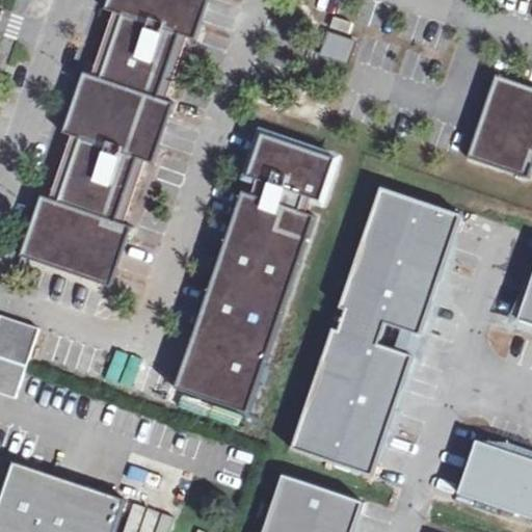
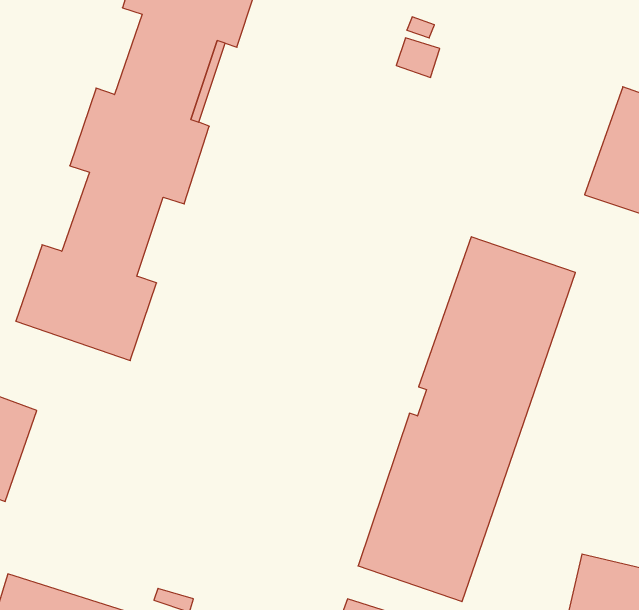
building: [179,129,334,410] -> none

